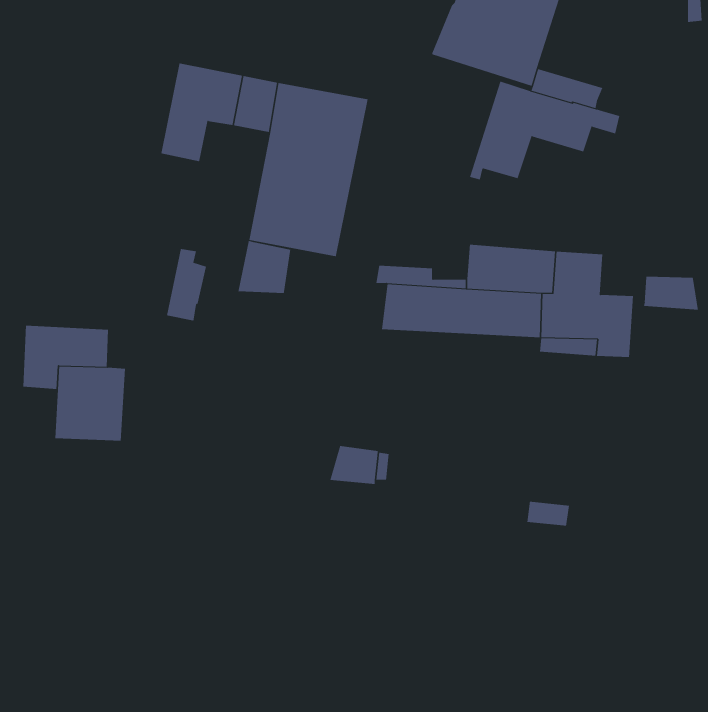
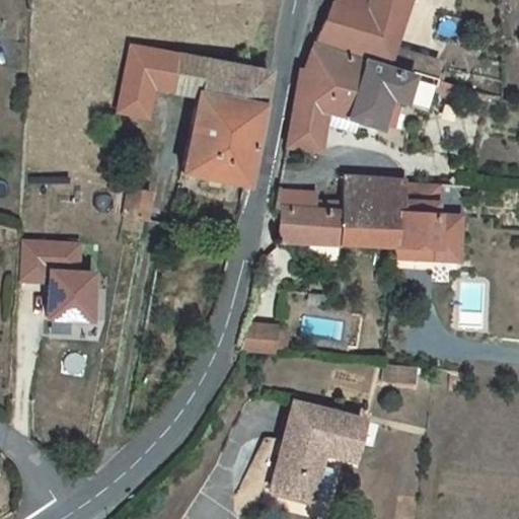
building: none -> [287,44,367,153]
building: [238,240,291,294] -> none
building: [644,276,699,310] -> none
building: none -> [274,402,366,500]

